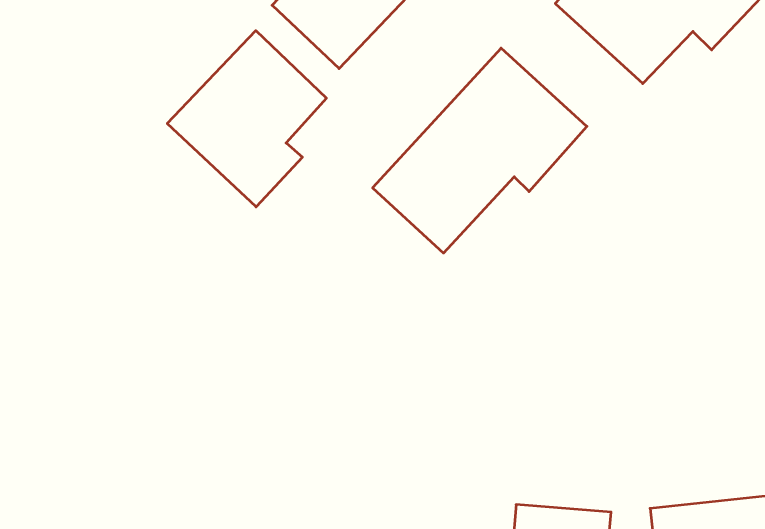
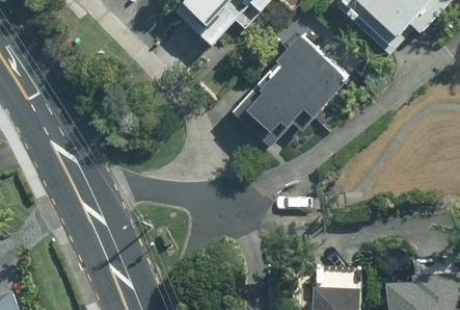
building: [167,31,326,207] -> none

